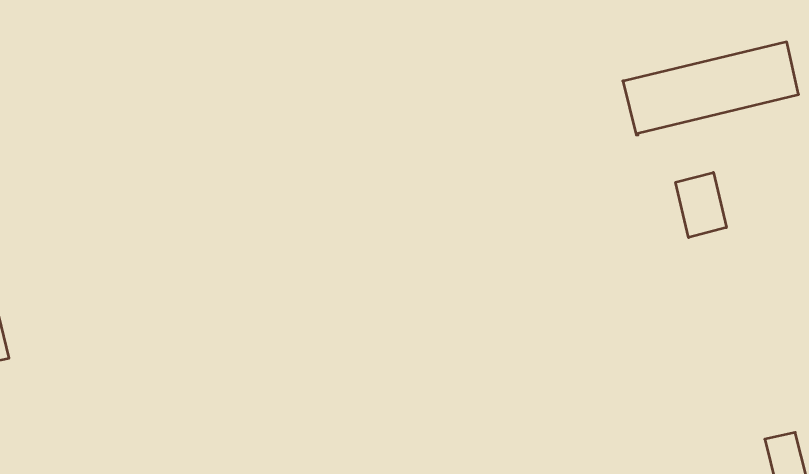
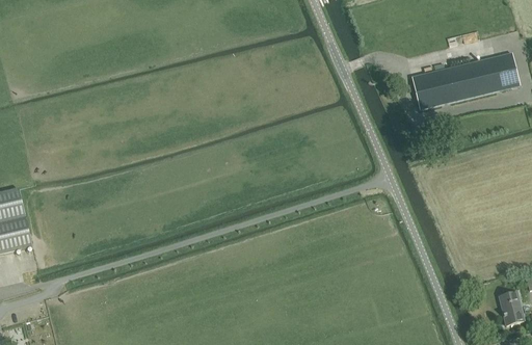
building: [676,172,726,238] -> none

